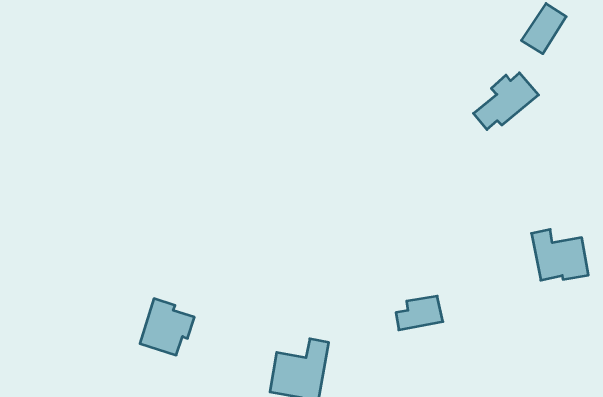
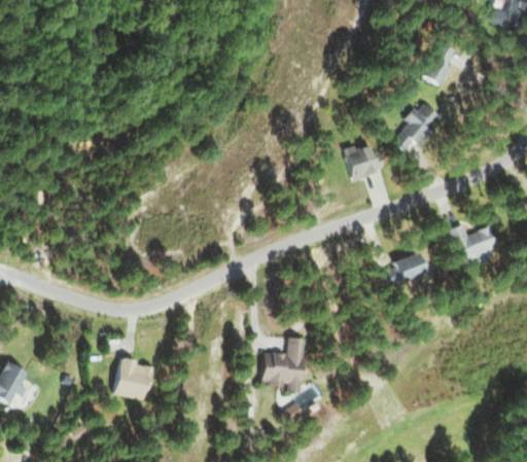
building: none -> [342,145,380,182]
building: [396,296,443,330] -> [386,254,424,285]
building: [140,299,194,355] -> [113,356,153,398]

